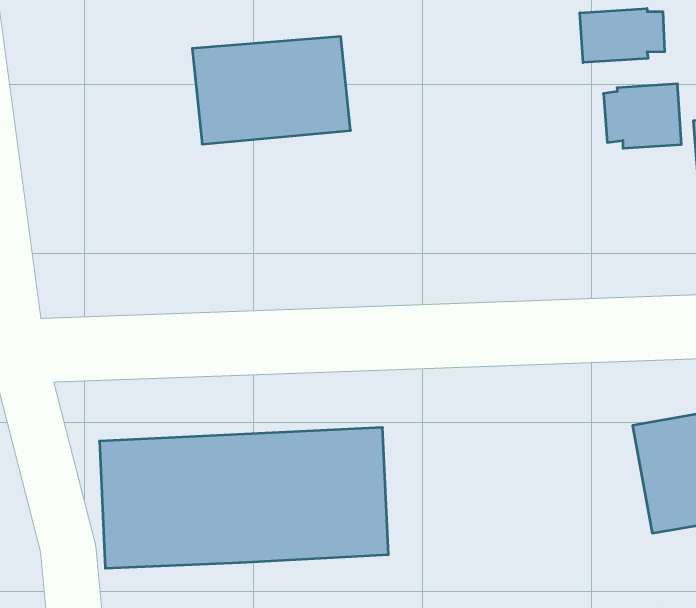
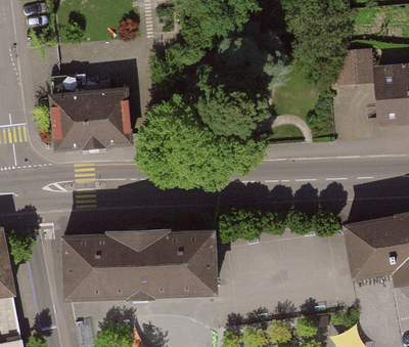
building: [580,8,665,63] -> none
building: [192,37,351,144] -> [49,89,132,145]

